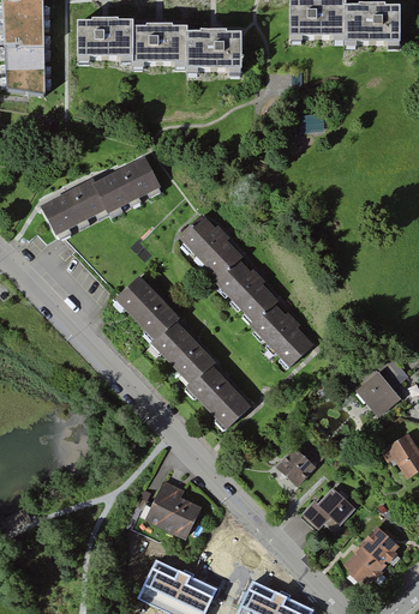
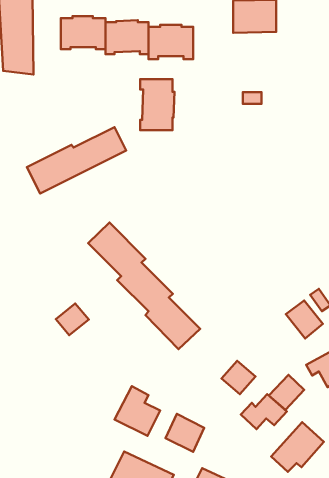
building: [343,6,400,47] -> none
building: none -> [140,79,175,130]
building: [175,210,313,367] -> none
building: none -> [56,304,89,335]
building: none -> [269,375,304,410]
building: none -> [166,414,204,452]

